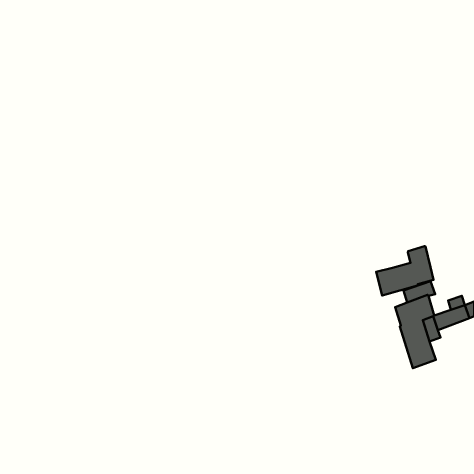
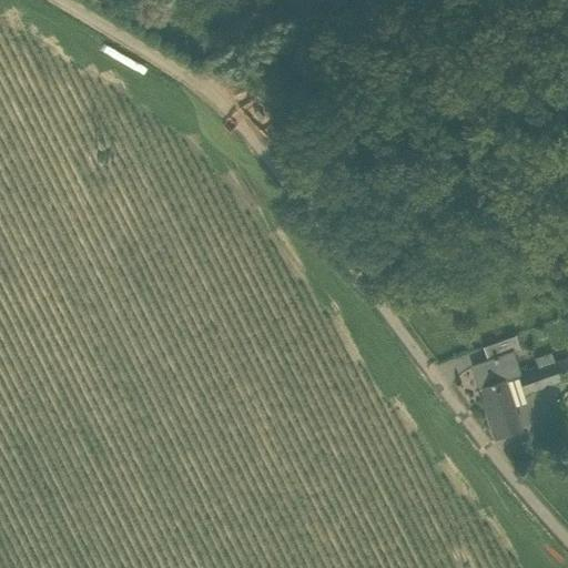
building: [376,246,433,295] -> none

